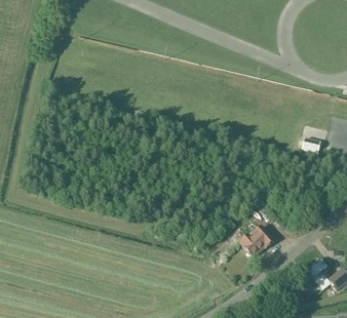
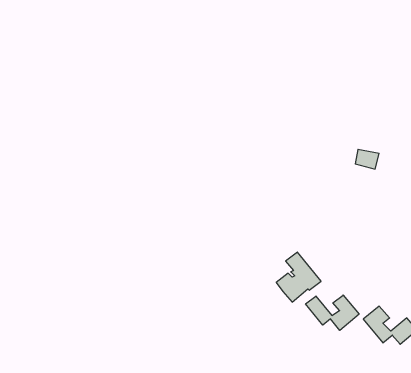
building: none -> [306,295,359,330]

